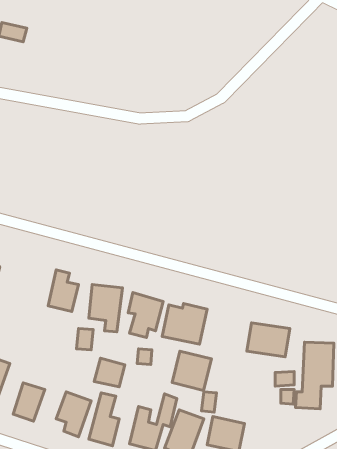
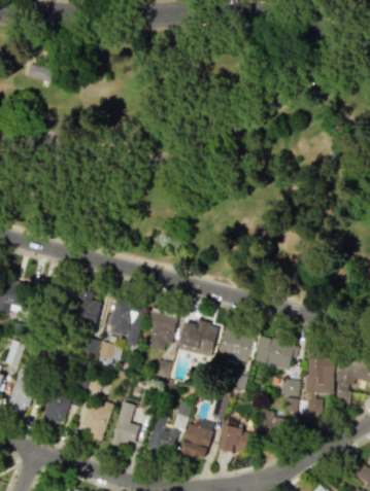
building: [172,351,212,391] -> [217,327,254,363]
building: [94,358,125,387] -> none
building: none -> [259,411,285,440]

